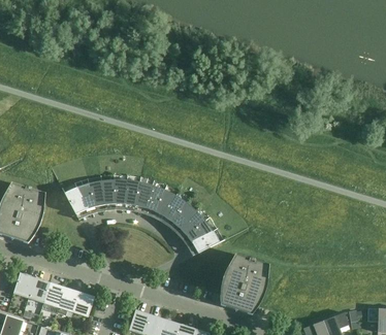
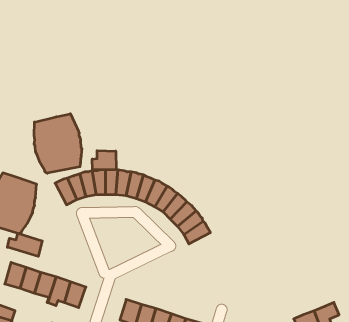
building: none -> [34,114,82,173]
building: none -> [92,151,116,170]
building: none -> [7,233,42,256]
building: [219,254,268,314] -> none

